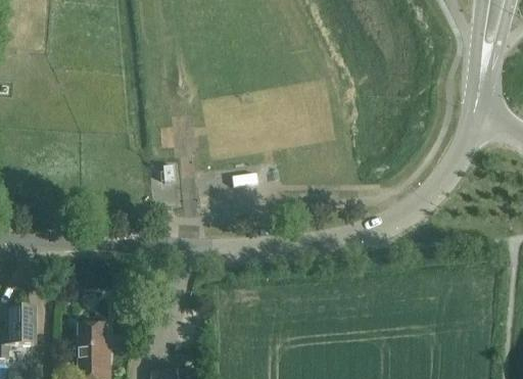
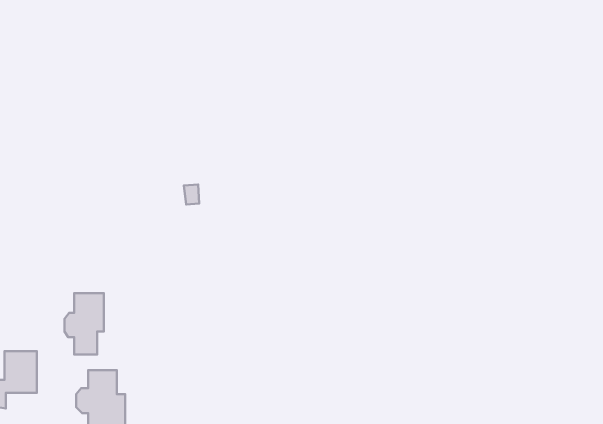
building: none -> [64,293,104,354]

